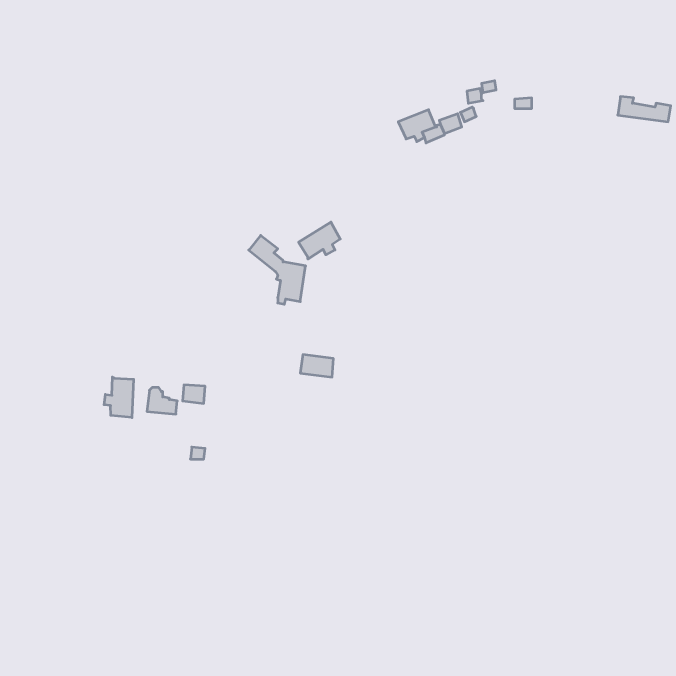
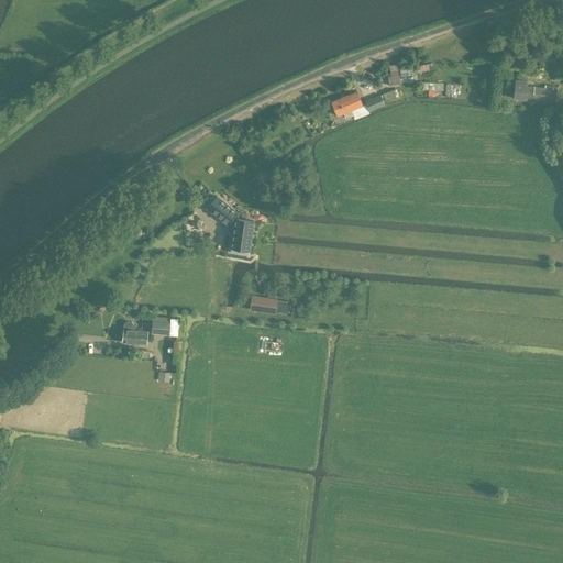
building: [299,222,340,259] -> none
building: [104,377,134,418] -> none

